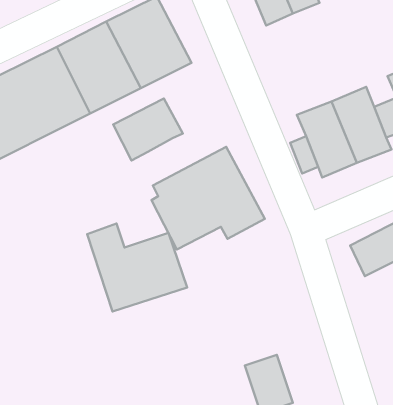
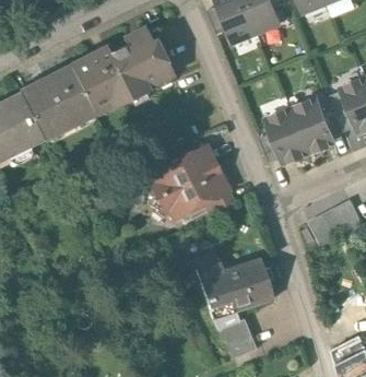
building: [113,99,183,160] -> none
building: [87,224,187,312] -> [190,248,272,320]

